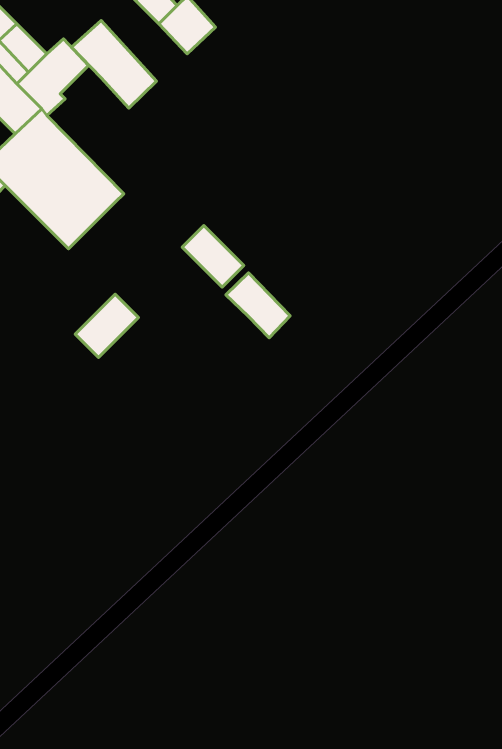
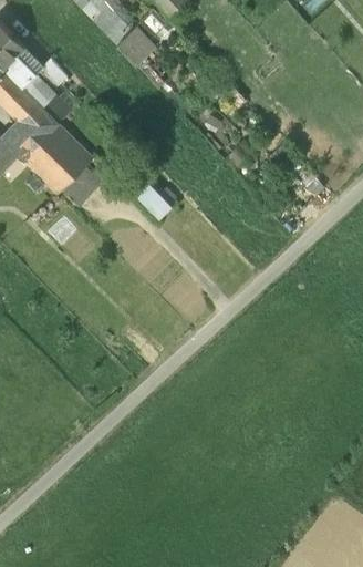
building: [72,20,157,108] -> none
building: [226,273,290,338] -> none
building: [75,294,138,357] -> [62,164,104,206]

